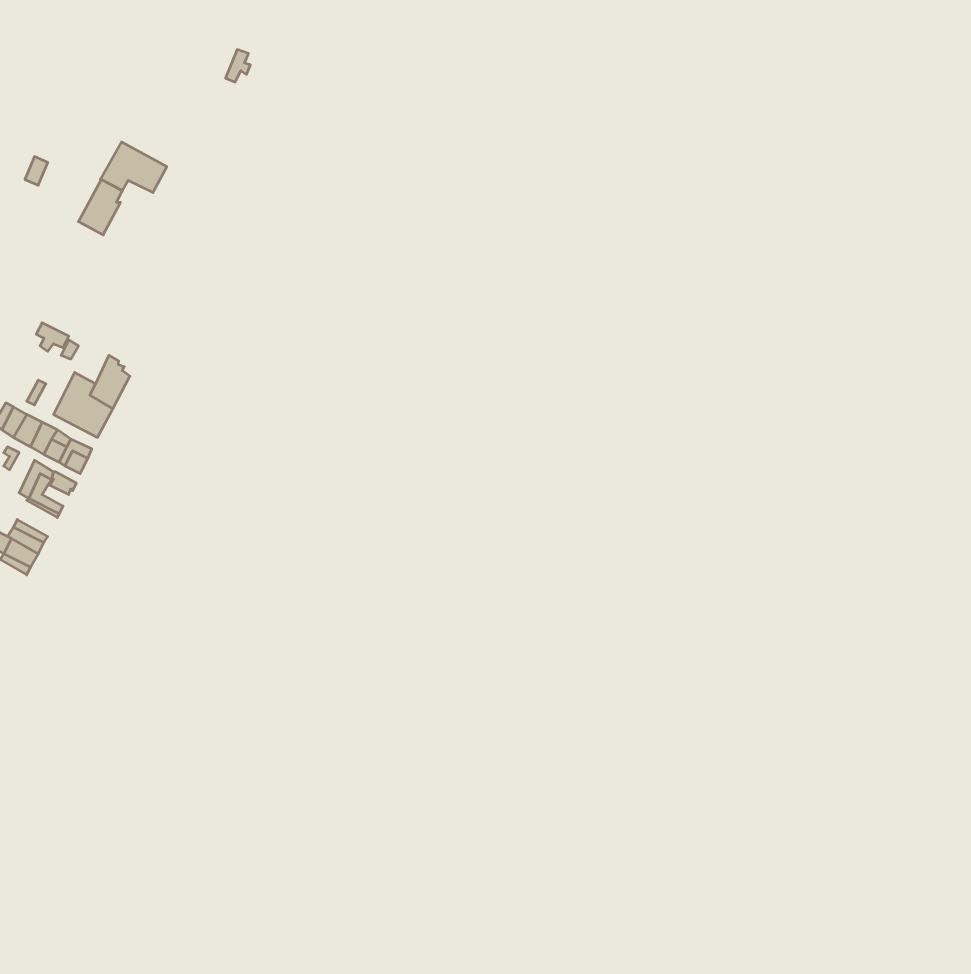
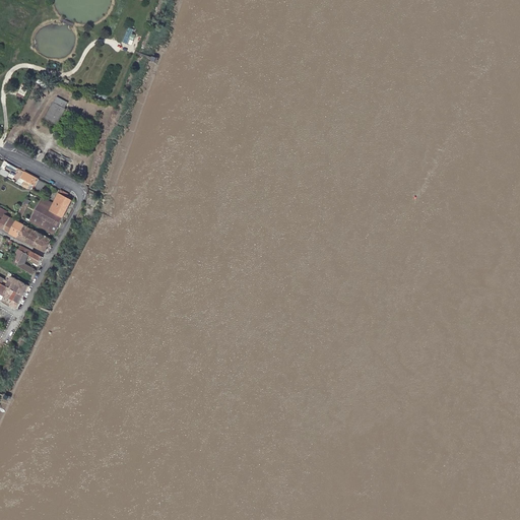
building: [100,142,167,193] -> none

